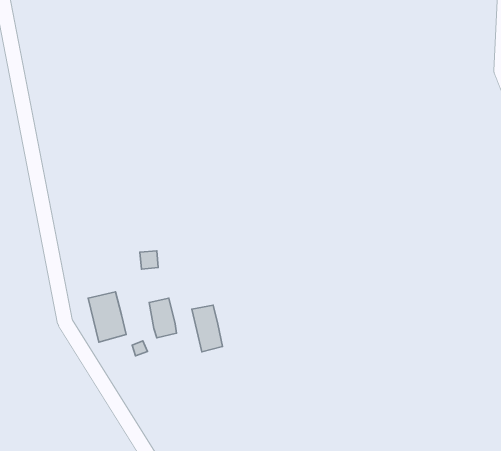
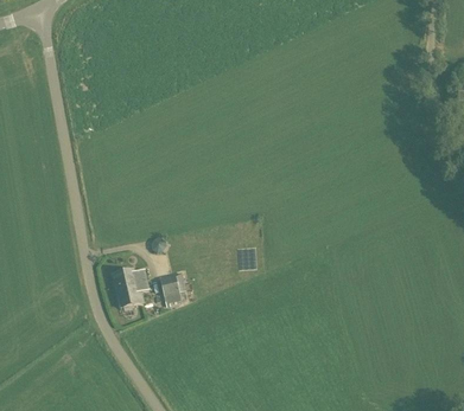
building: [192,305,223,352] -> none

